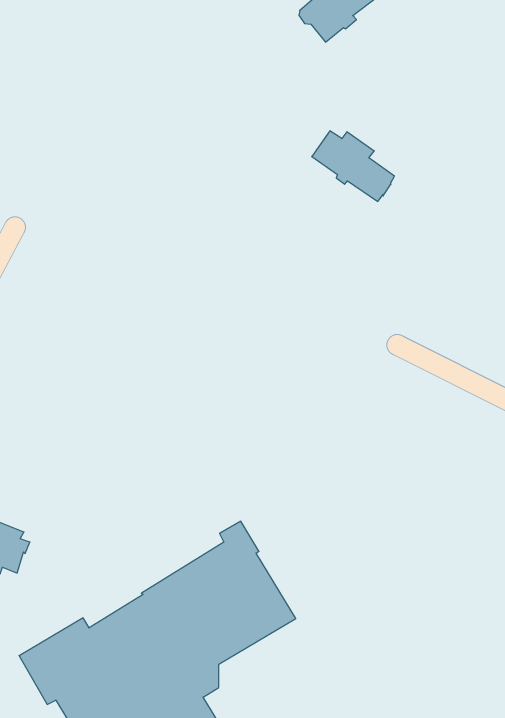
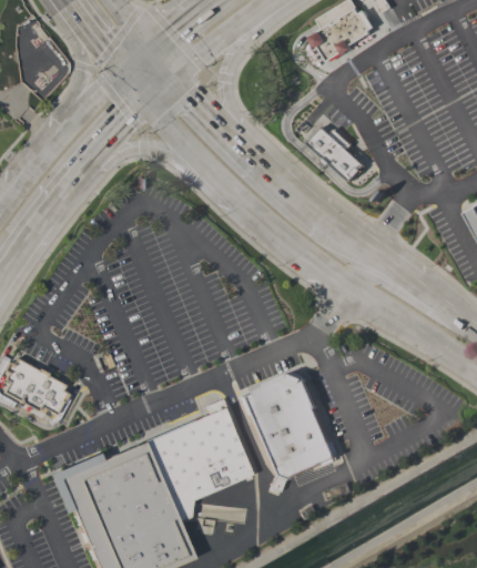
building: none -> [243,371,341,491]

